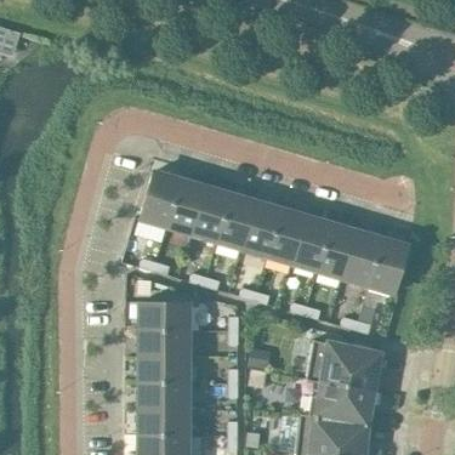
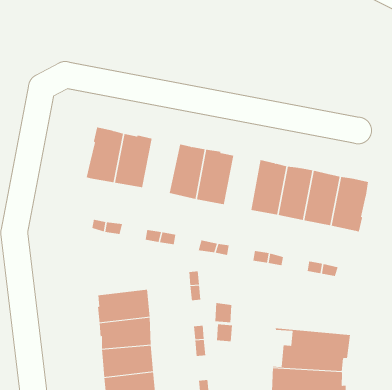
building: [192,187,231,240] -> none
building: [268,210,306,263] -> none
building: [138,302,188,331] -> none
building: [306,340,381,391] -> none

